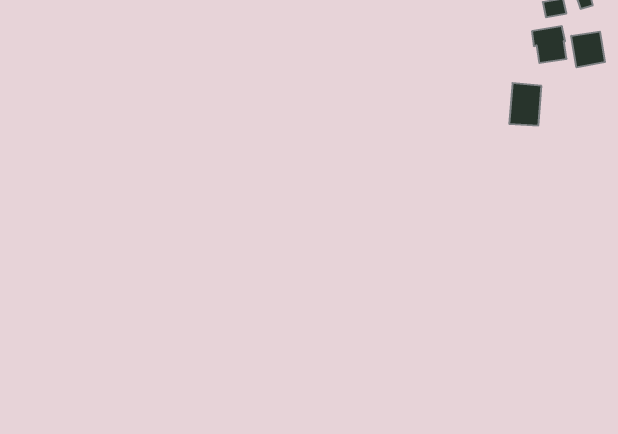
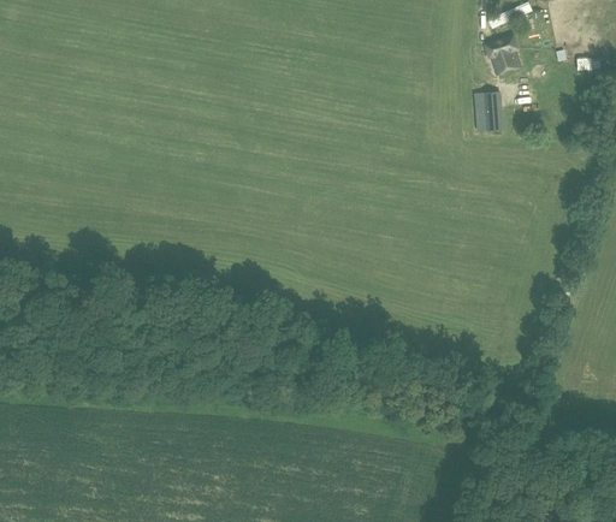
building: [571,32,605,67] -> none

